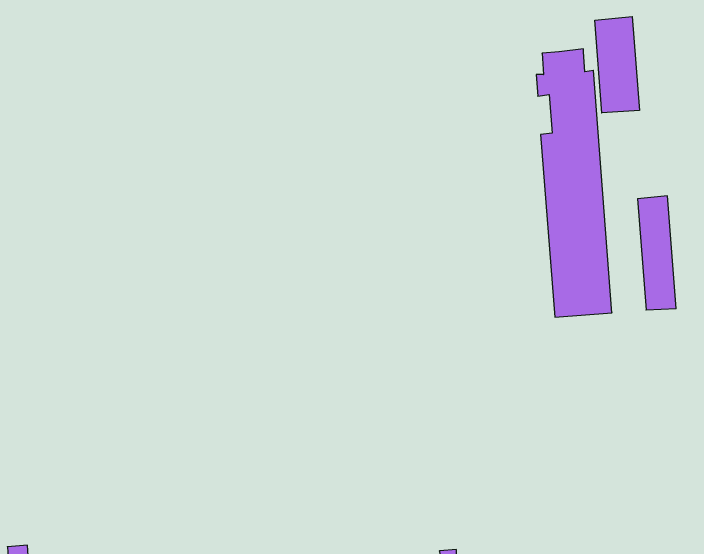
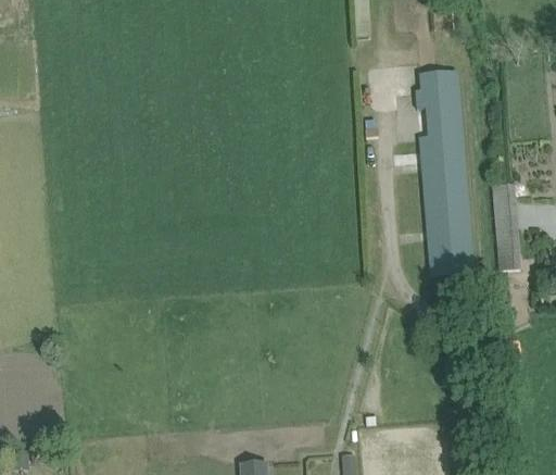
building: [595,17,639,113] -> none

